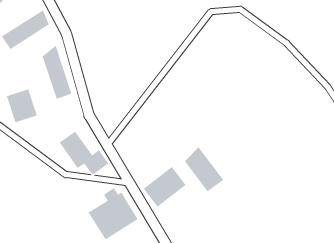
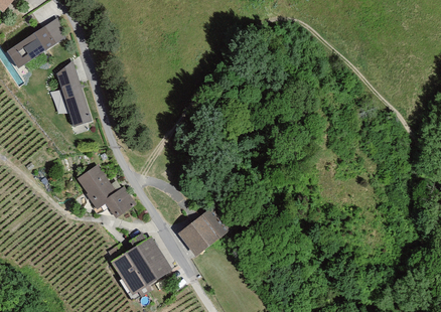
building: [6,88,38,123] -> none
building: [184,147,224,192] -> none

